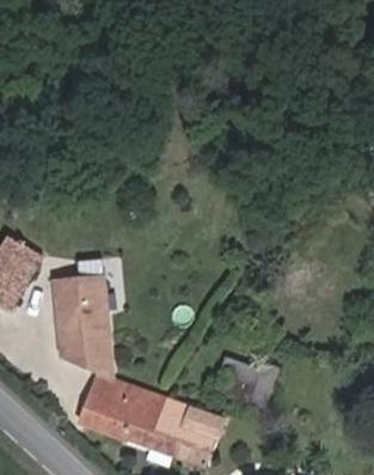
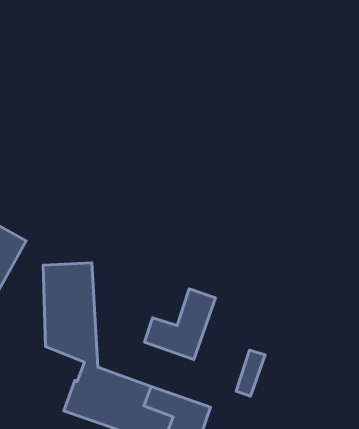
building: none -> [145,289,215,359]

